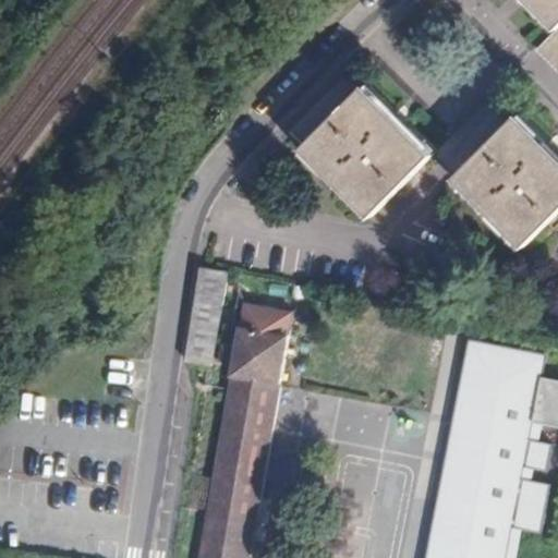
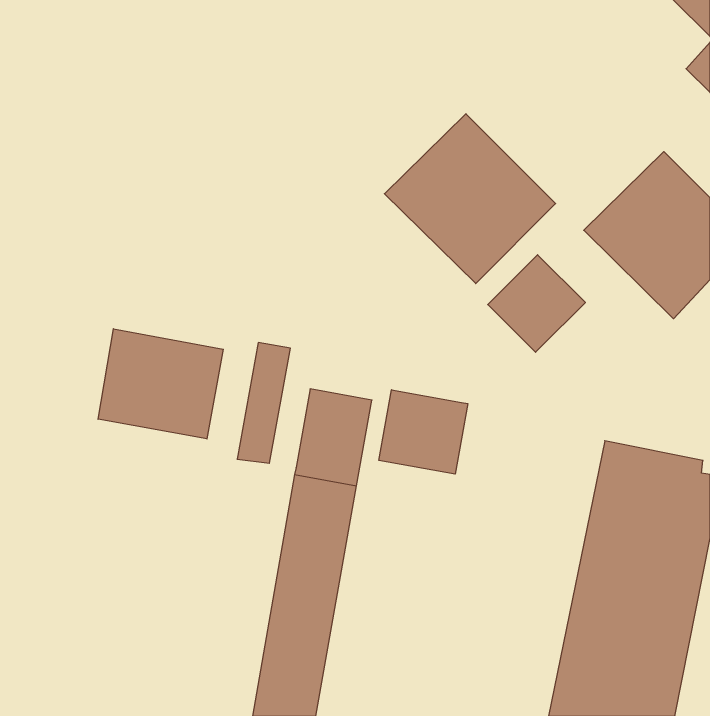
building: none -> [488,255,585,352]
building: none -> [98,329,223,439]
building: none -> [379,390,468,474]

